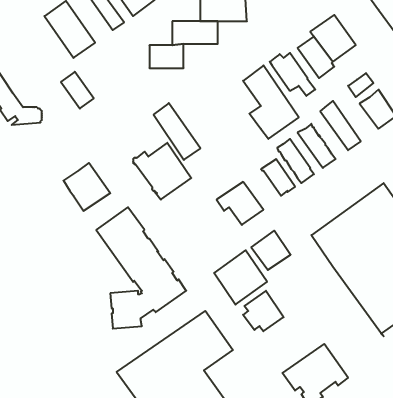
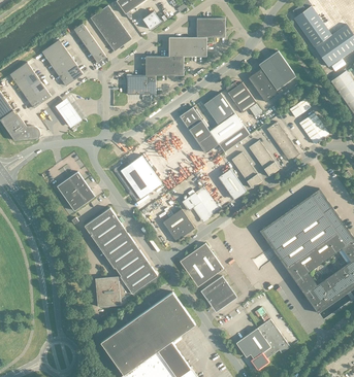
building: none -> [9,63,51,109]
building: [154,103,200,160] -> [180,107,218,153]
building: [251,231,291,270] -> [162,209,194,241]

